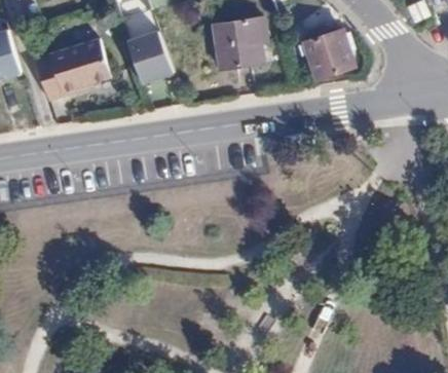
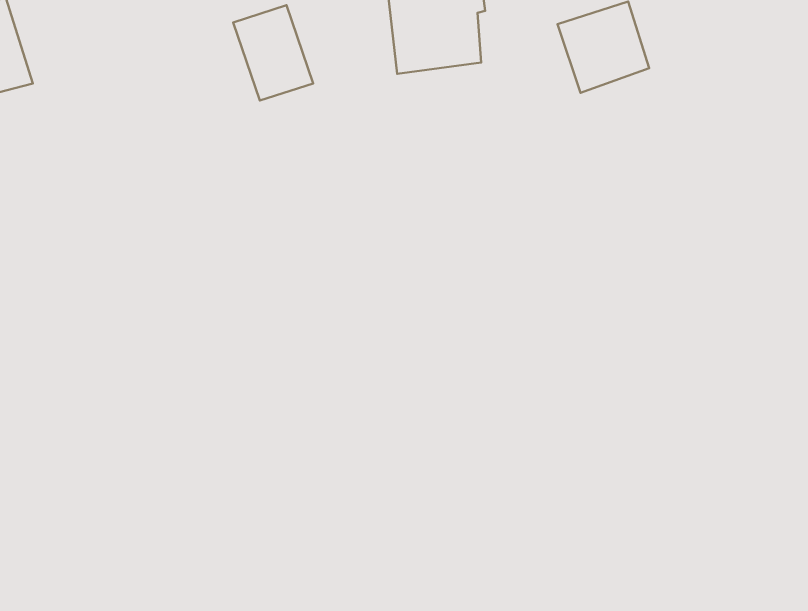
building: [36,39,109,100] -> none

